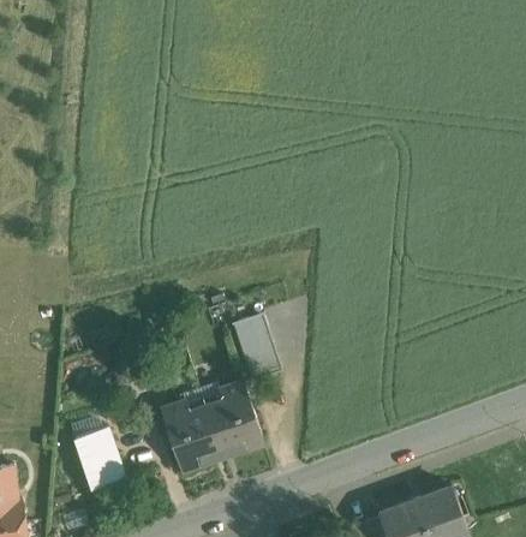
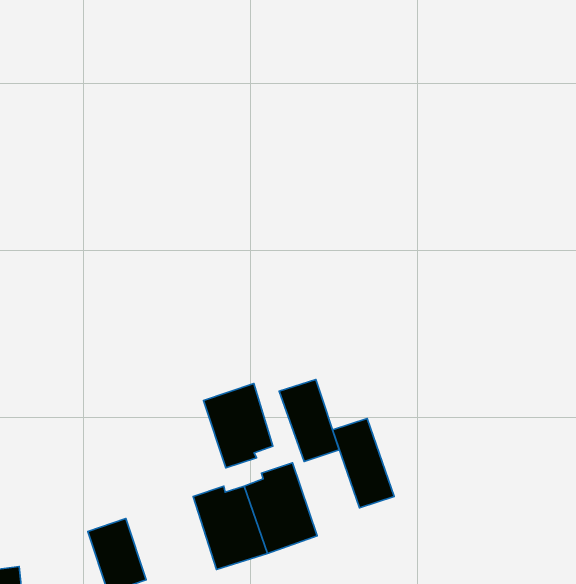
building: none -> [203,384,273,468]
building: none -> [332,418,394,508]

